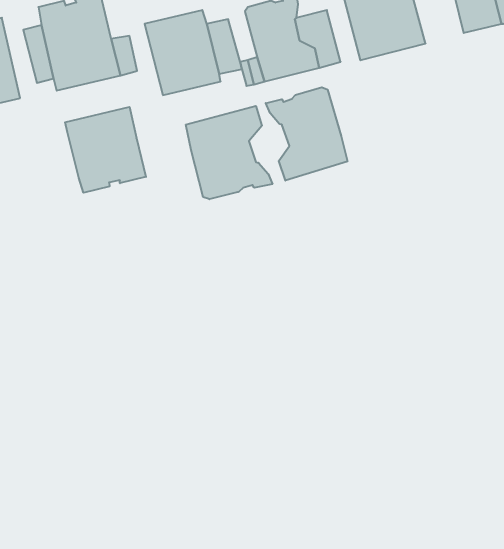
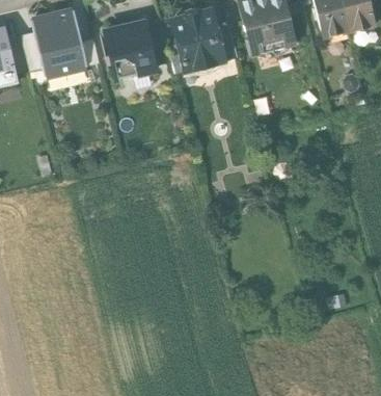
building: [266,87,347,181] -> none
building: [186,106,272,199] -> none
building: [65,107,146,193] -> none

